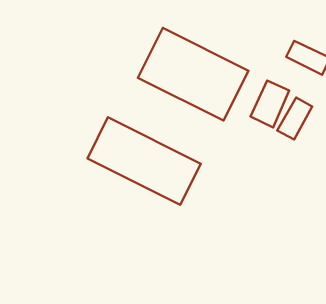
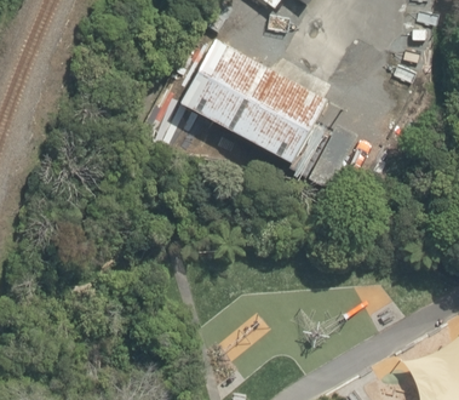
building: [87,117,201,205] -> none

